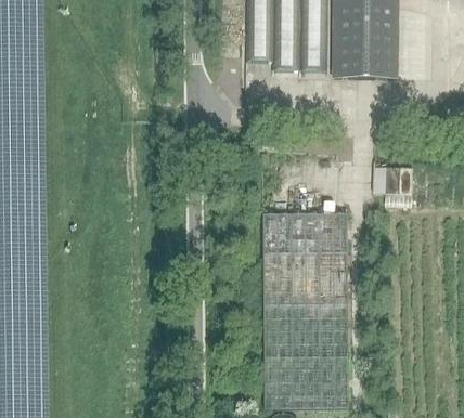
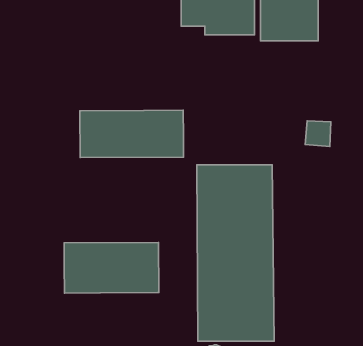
building: none -> [80,110,183,158]
building: none -> [64,242,159,293]

